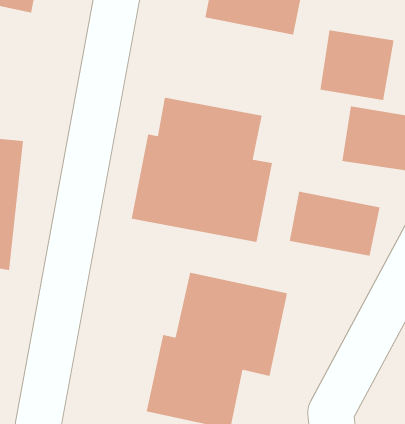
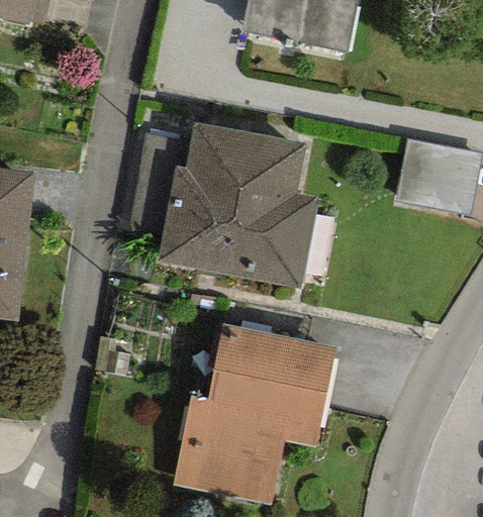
building: [320,30,394,101] -> none
building: [289,191,380,256] -> none

